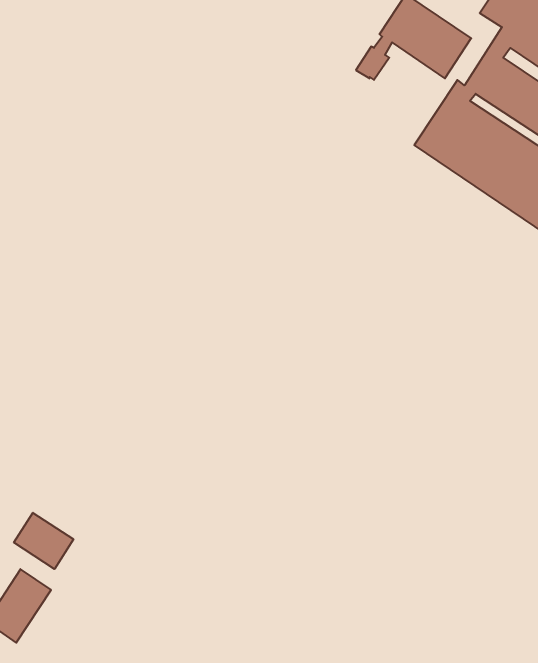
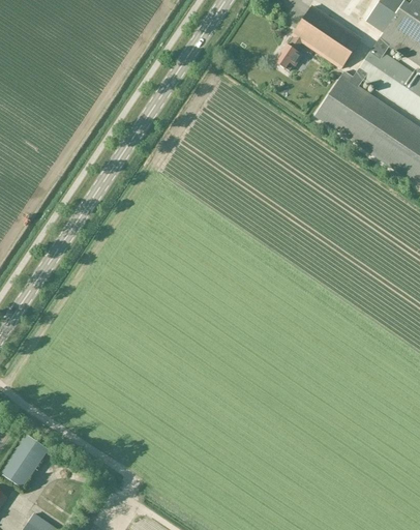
building: [14,513,73,569] -> none

